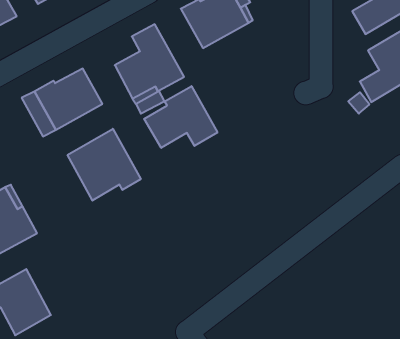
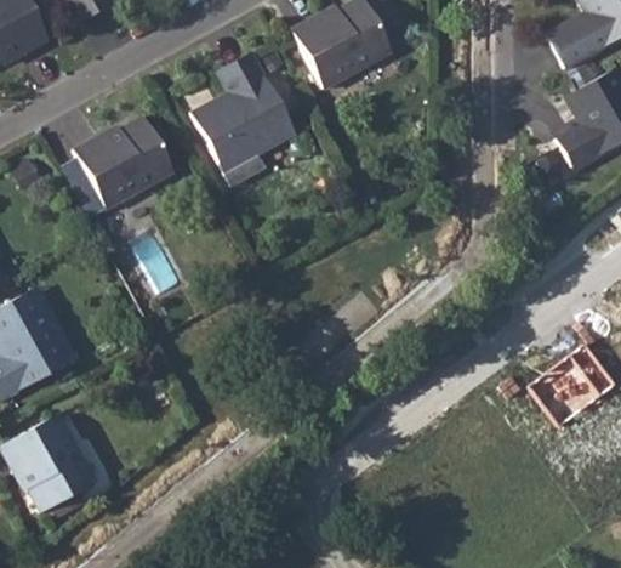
building: [144,86,217,148] -> none
building: [68,129,141,201] -> none
building: none -> [525,350,610,430]

